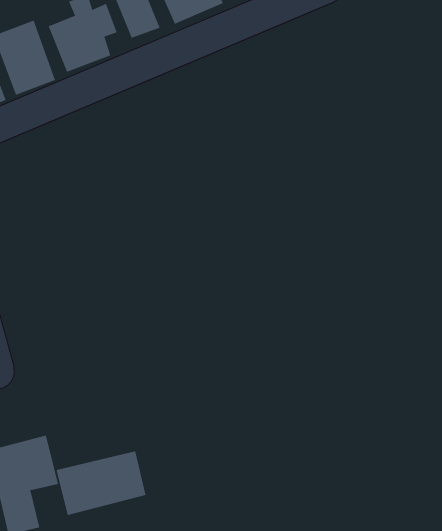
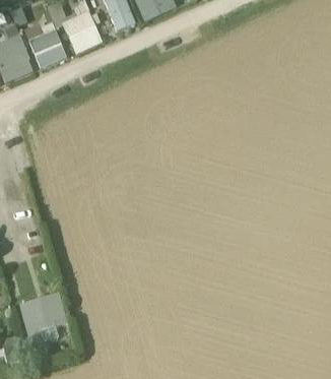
building: [56,451,146,516] -> none

